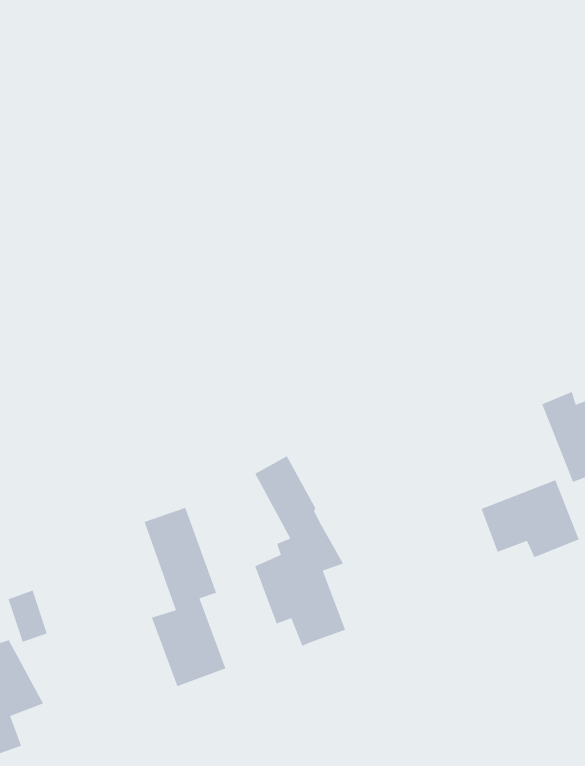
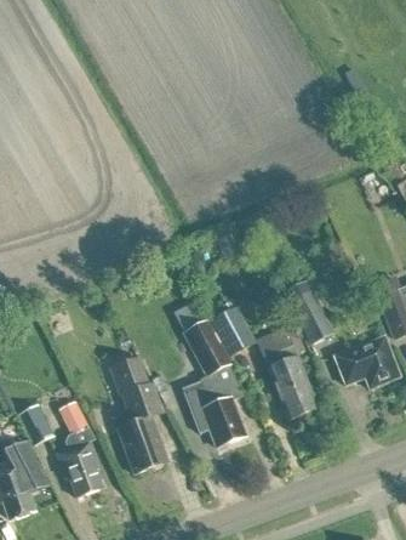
building: none -> [285,274,333,342]
building: none -> [210,303,257,354]
building: none -> [259,328,318,419]
building: none -> [57,399,102,495]

